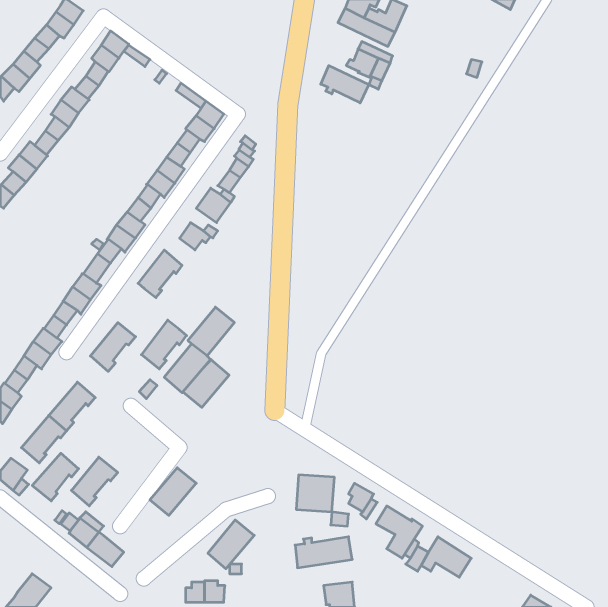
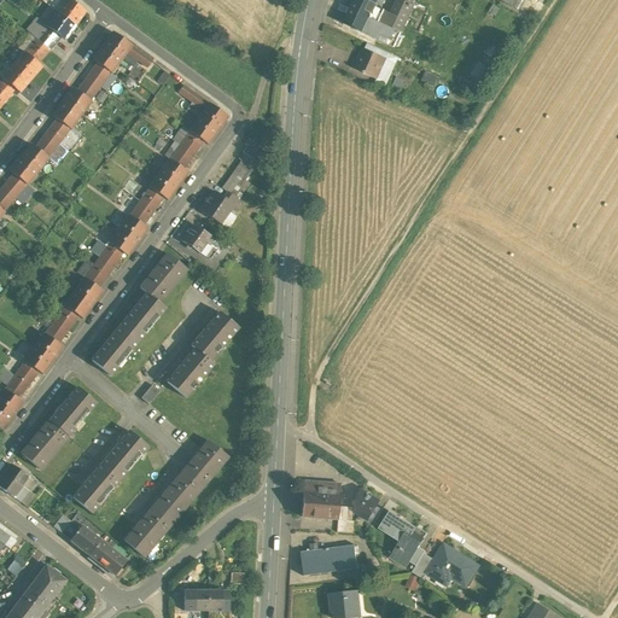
building: [321,66,369,103] -> none
building: [141,320,187,369] -> [119,292,165,342]
building: [183,360,229,407] -> [180,442,227,490]
building: [32,453,79,501] -> [100,431,147,479]
building: [208,520,254,569] -> [124,507,171,556]
building: none -> [33,565,65,596]

